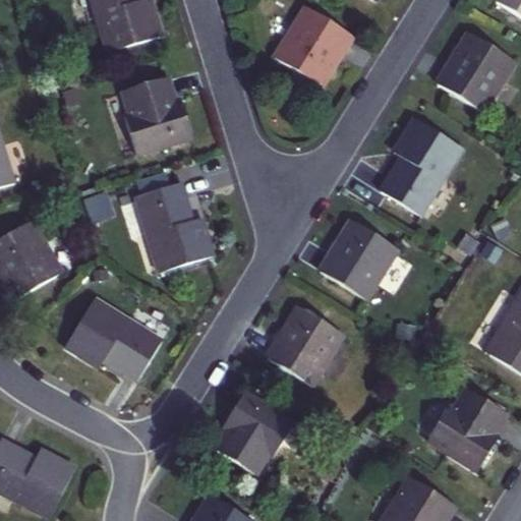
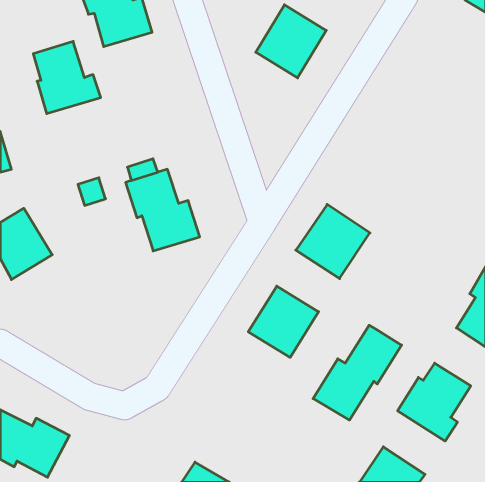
building: [438,31,512,108] -> none
building: [121,77,193,155] -> [33,41,101,114]
building: [384,120,457,212] -> none
building: [65,301,163,379] -> none
building: none -> [313,325,402,420]
building: [218,390,295,474] -> none

